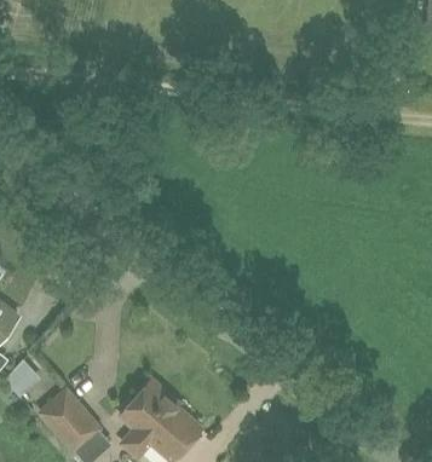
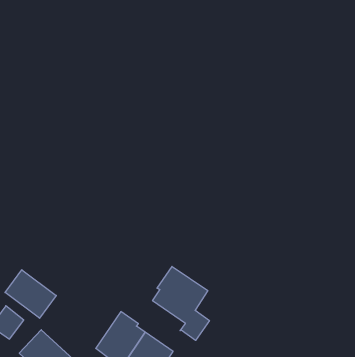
building: none -> [5,270,56,318]
building: none -> [153,266,209,340]

